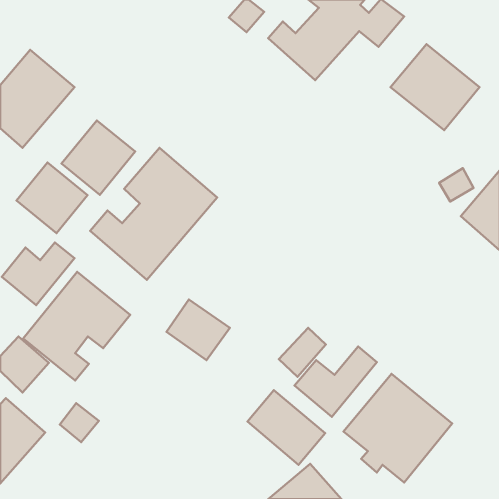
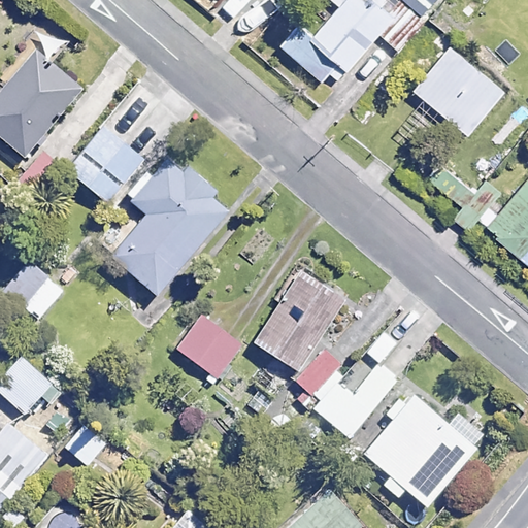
building: [17,163,87,233] -> none
building: none -> [251,270,344,371]
building: [23,272,130,381] -> none
building: [247,390,325,465] -> none

